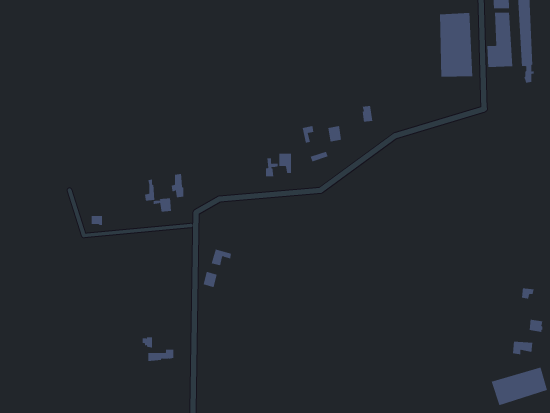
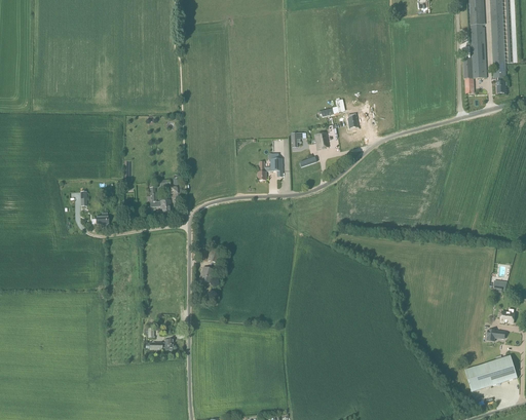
building: [439,12,473,77] -> none

